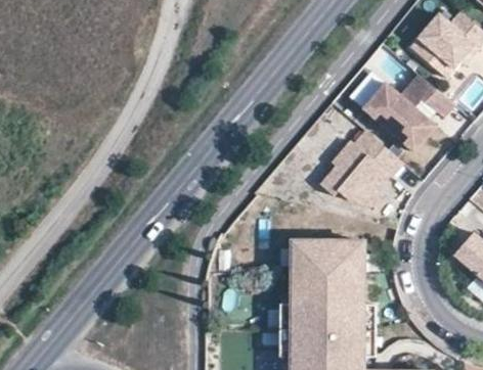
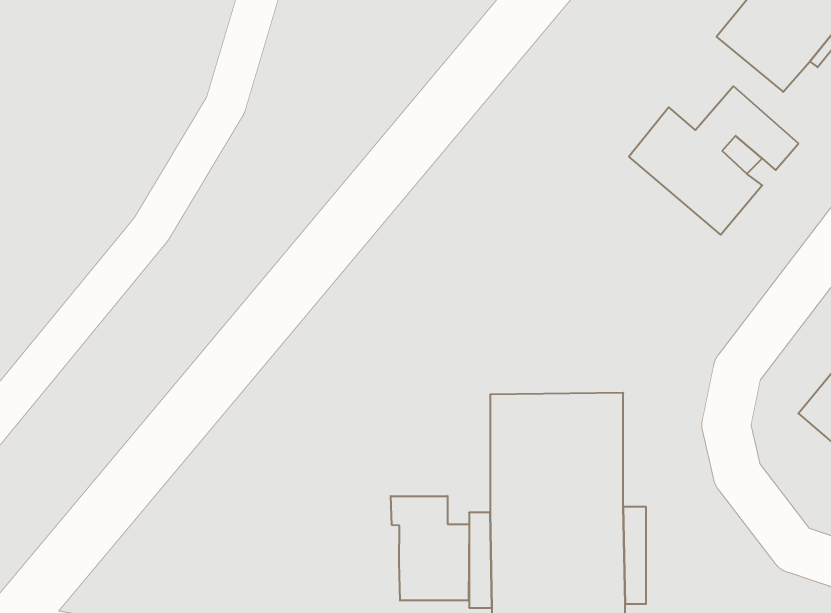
building: [322,131,404,206] -> none
building: none -> [391,496,469,601]

